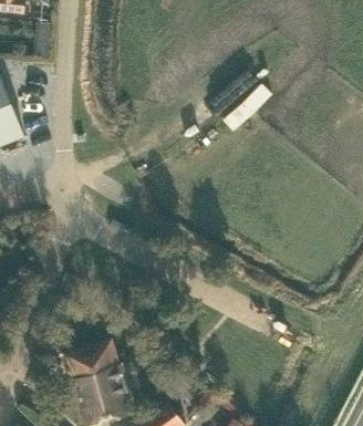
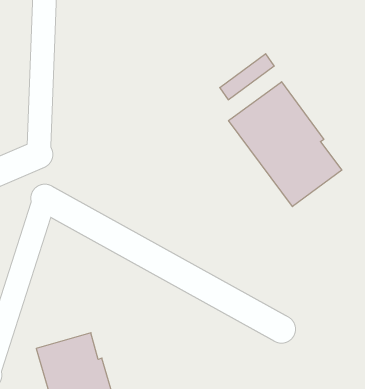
building: none -> [229,82,342,207]

